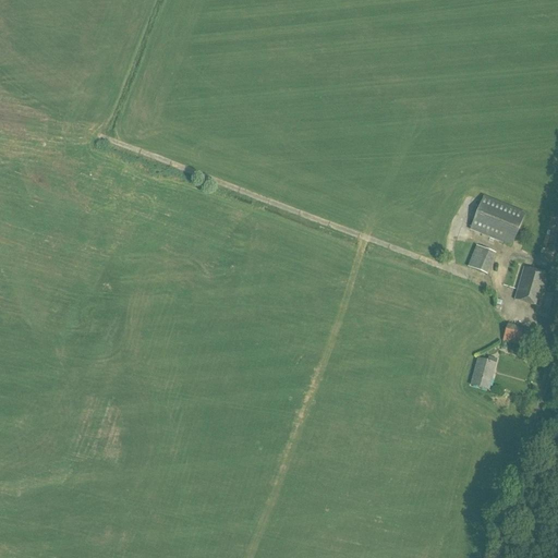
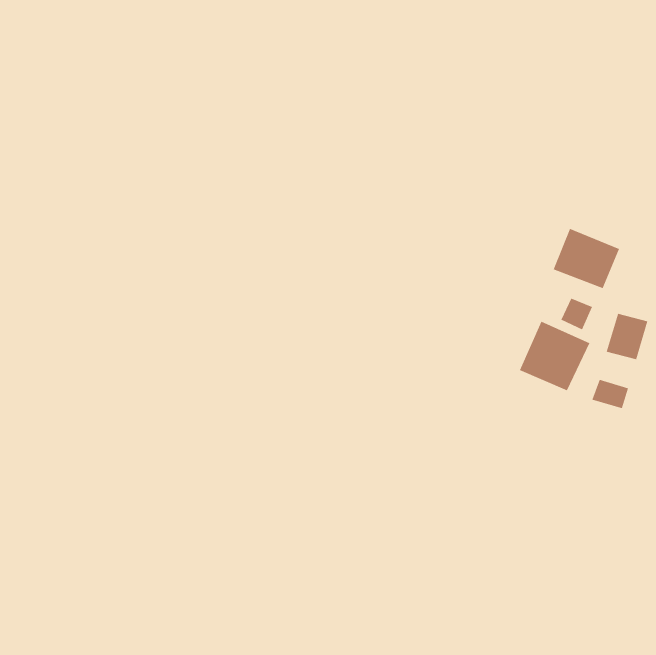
building: none -> [519,321,590,391]
building: [469,354,495,387] -> none

